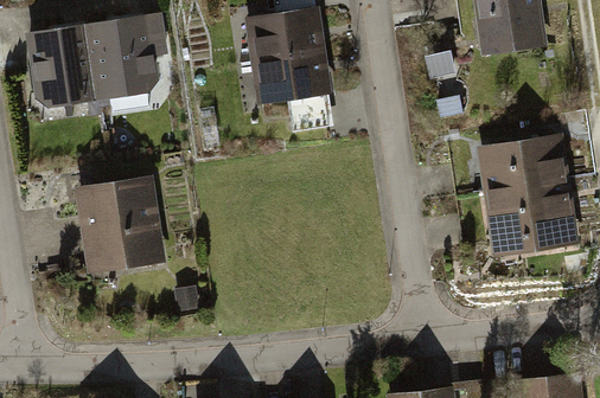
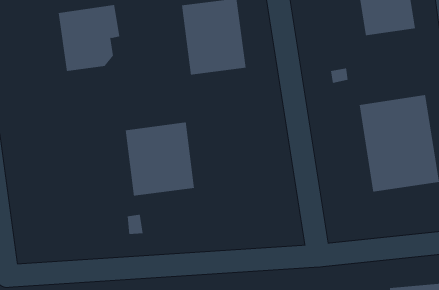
building: [21,25,97,108] -> none
building: [76,178,166,274] -> [125,122,195,196]

